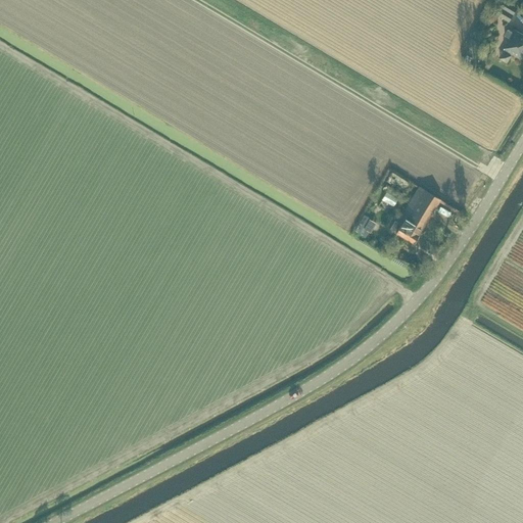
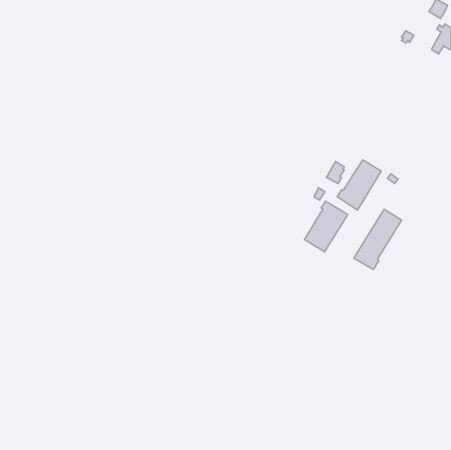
building: none -> [304,201,348,252]
building: none -> [354,209,402,269]

